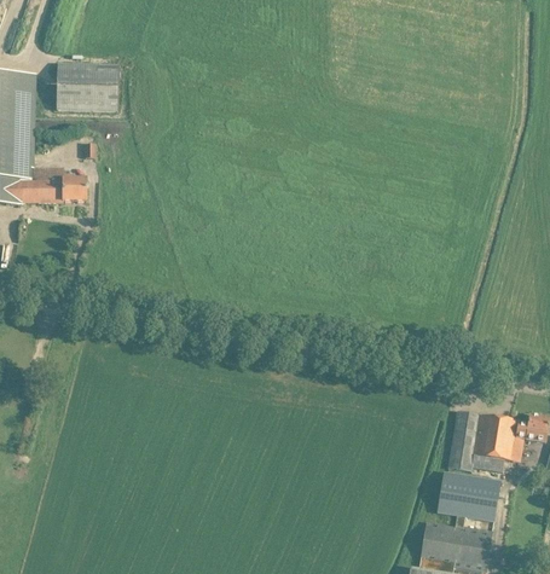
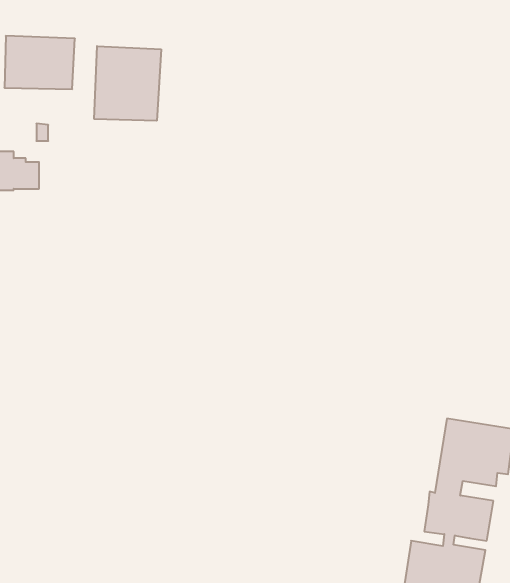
building: none -> [94,46,161,121]

